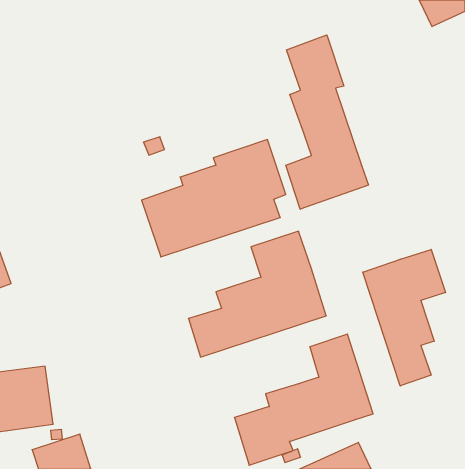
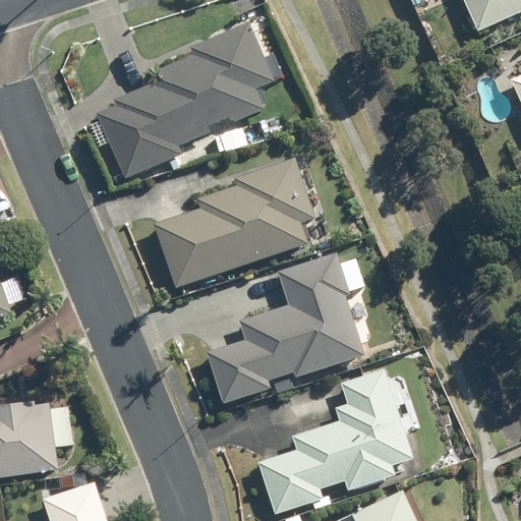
building: none -> [112,21,272,147]
building: [286,35,368,209] -> none
building: [363,249,445,386] -> none

